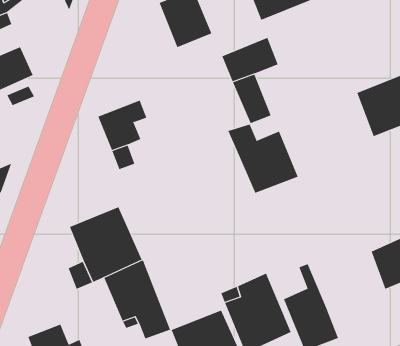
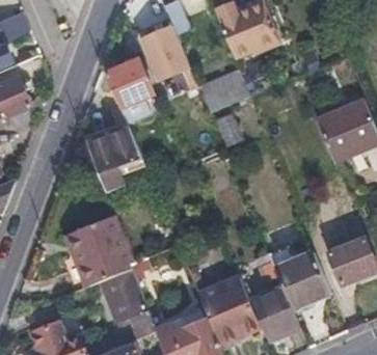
building: none -> [106,60,153,120]
building: [228,124,299,194] -> [267,244,329,305]

